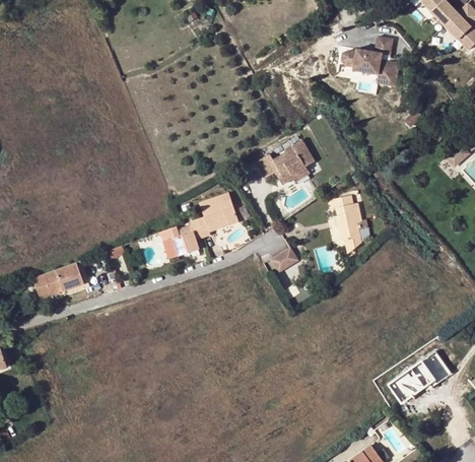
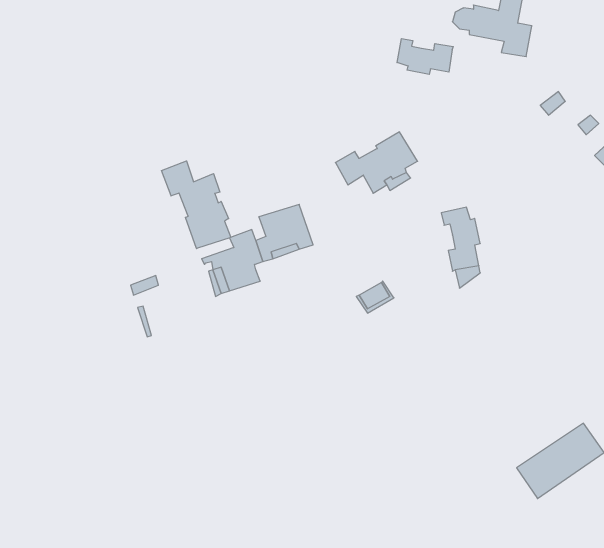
building: none -> [397,39,453,74]
building: none -> [162,161,231,249]
building: [33,260,91,295] -> none

